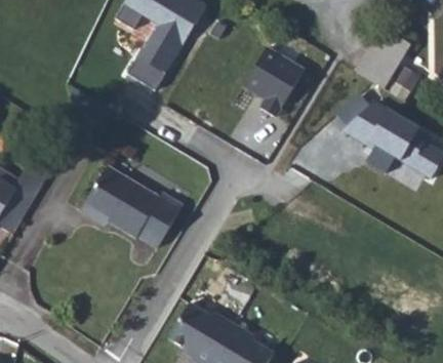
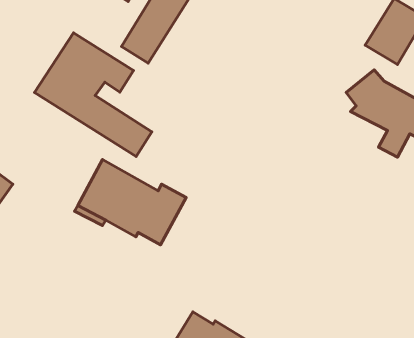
building: [243,46,303,115] -> none
building: none -> [35,33,152,157]

